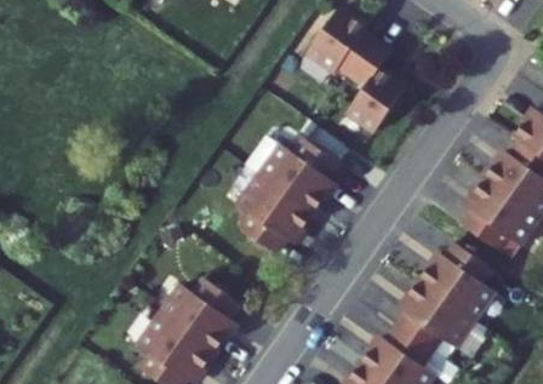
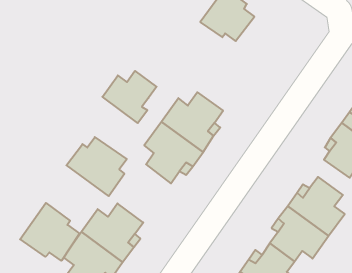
building: [348,41,408,131] -> none
building: none -> [102,71,157,123]
building: none -> [66,137,127,196]
building: none -> [20,203,79,261]

